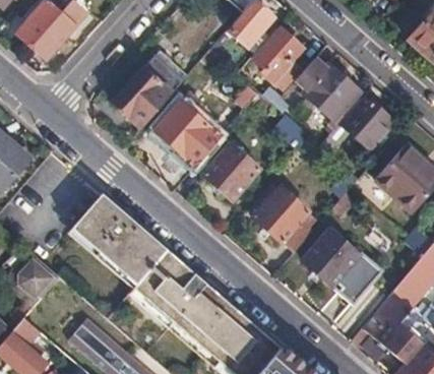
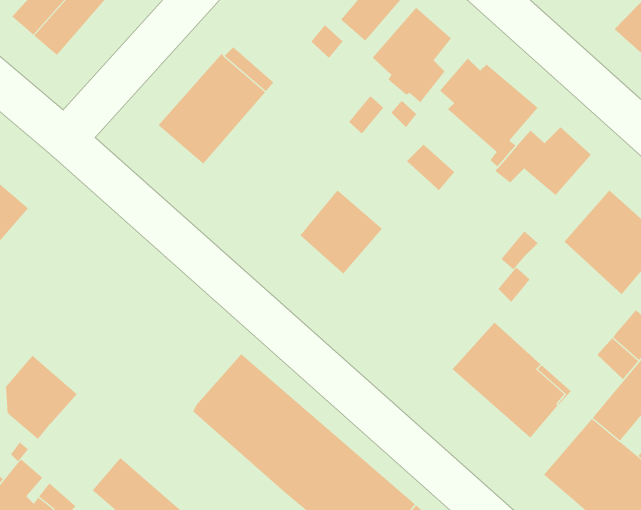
building: [154,102,222,167] -> none
building: [253,187,309,252] -> none
building: [72,194,167,284] -> none

